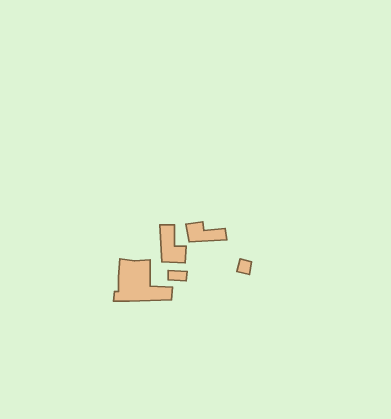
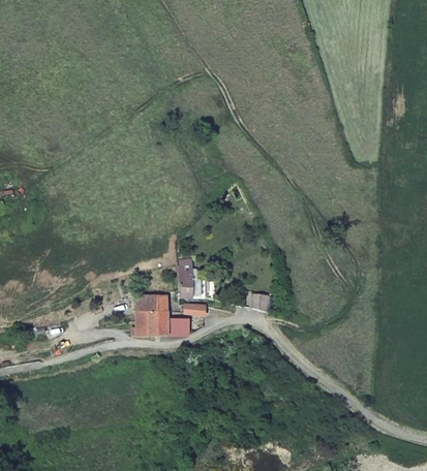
building: [186,222,227,242] -> none

